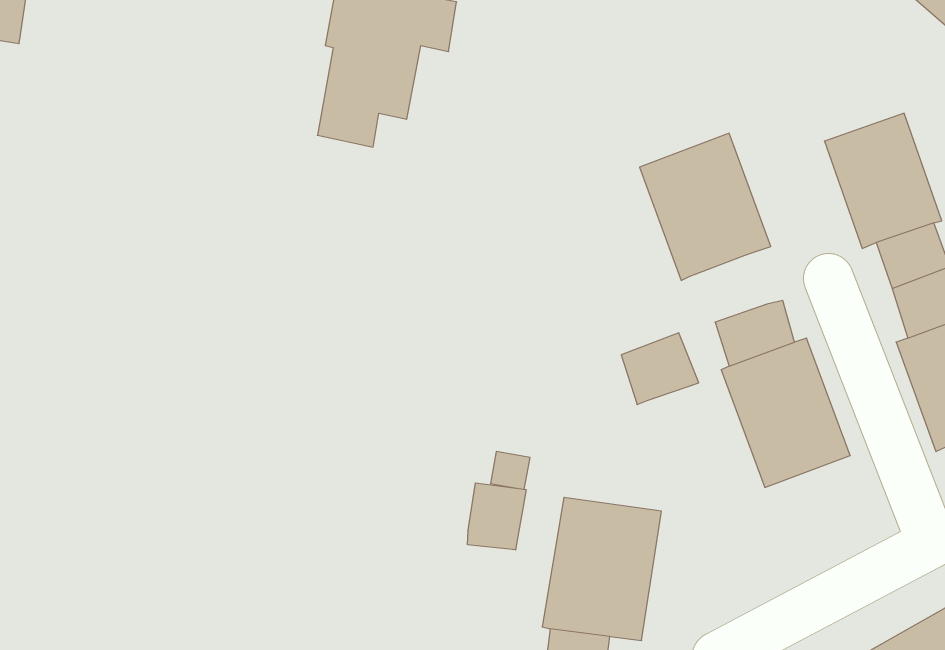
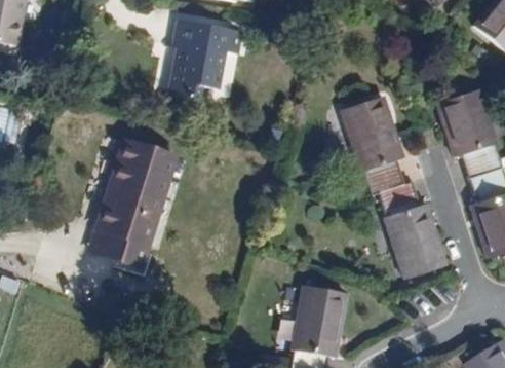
building: none -> [93,141,180,263]
building: [621,333,699,405] -> [364,158,404,195]
building: [468,483,526,550] -> none

